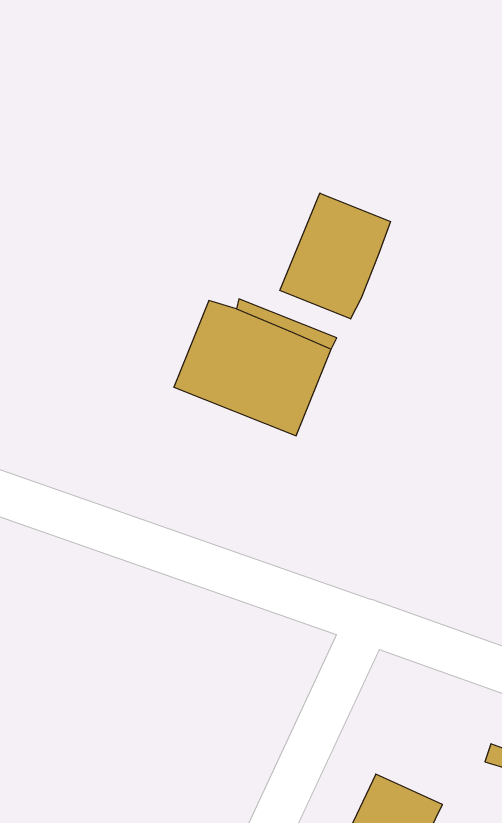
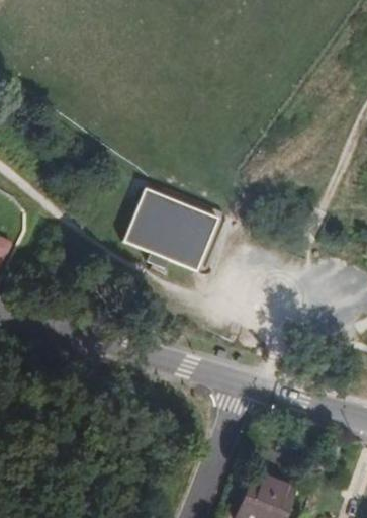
building: [280,193,390,319] -> none

